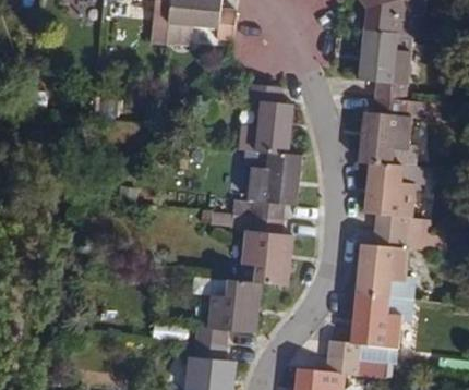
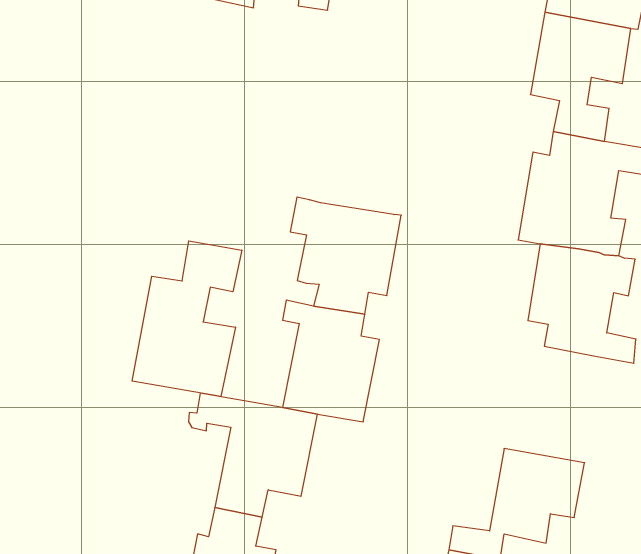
building: [236,90,290,159] -> none
building: none -> [132,241,242,397]
building: [362,229,412,295] -> none

